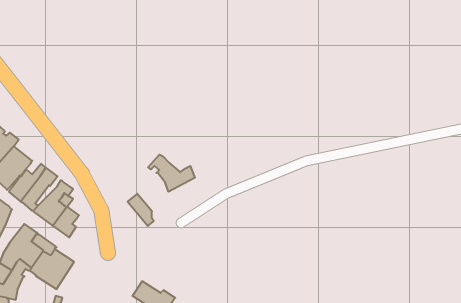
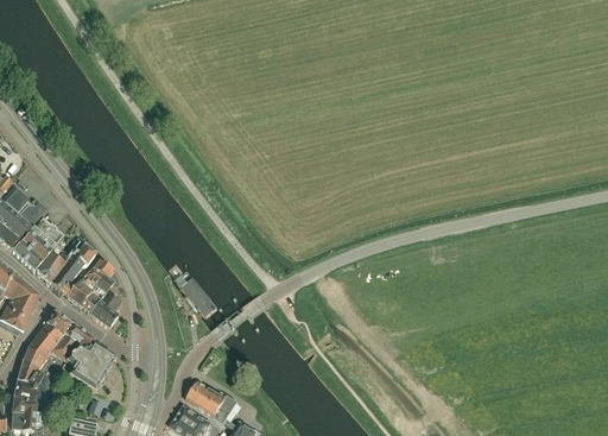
building: [148,155,195,192] -> none

